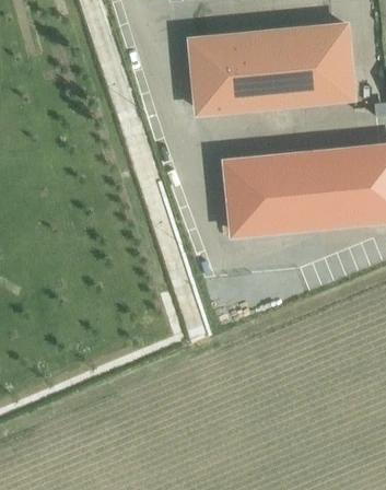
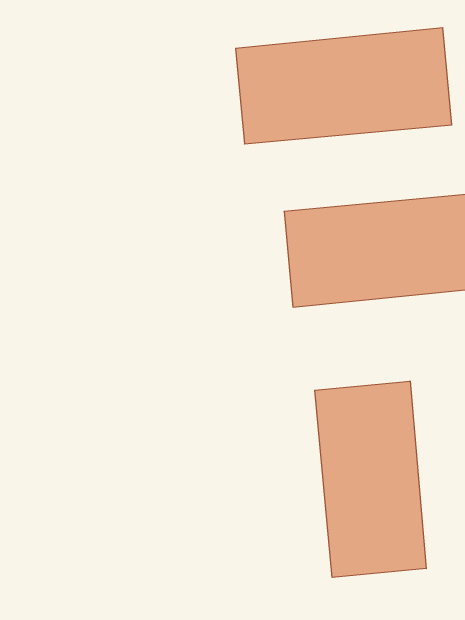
building: none -> [315,381,426,577]

